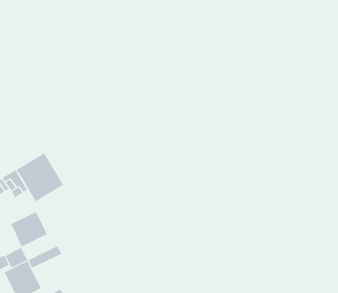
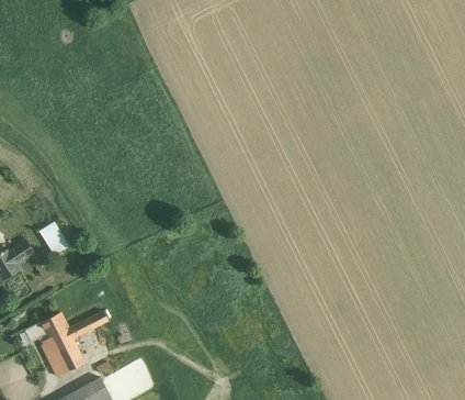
building: [16,152,64,202] -> none
building: [10,211,47,247] -> none

